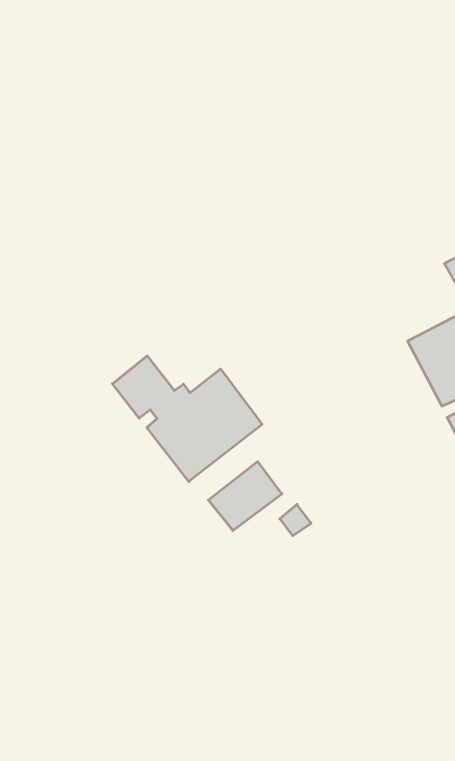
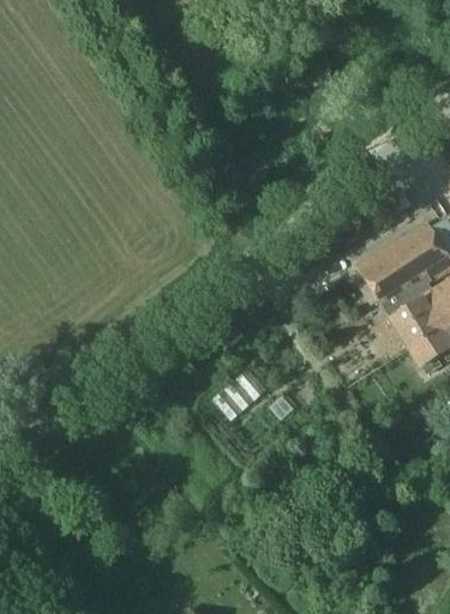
building: [112,356,262,482] -> none

